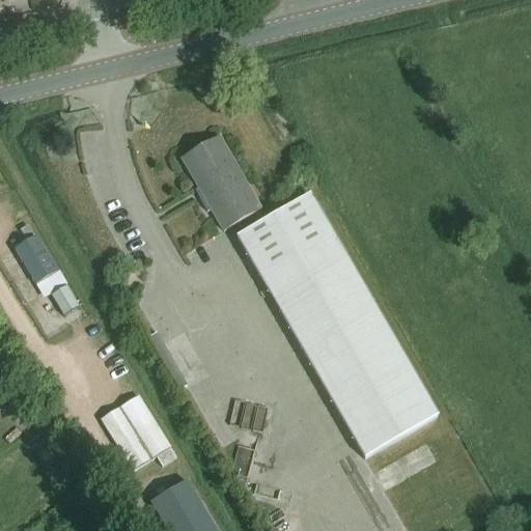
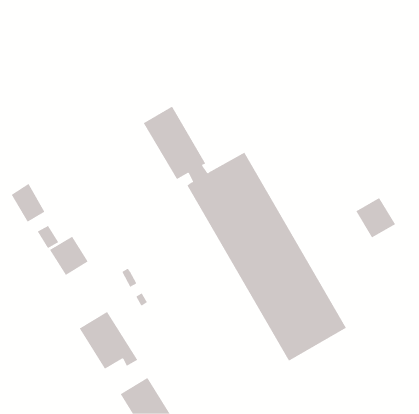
building: none -> [356,197,396,238]
building: none -> [49,236,88,276]

